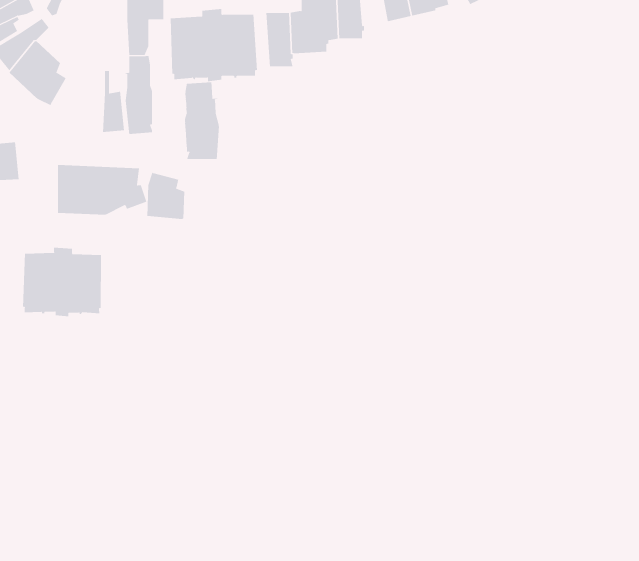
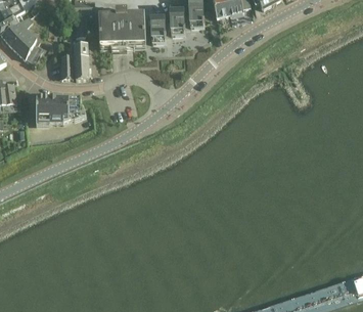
building: [184,82,219,160] -> none
building: [147,172,185,220] -> none
building: [22,247,102,317] -> none

